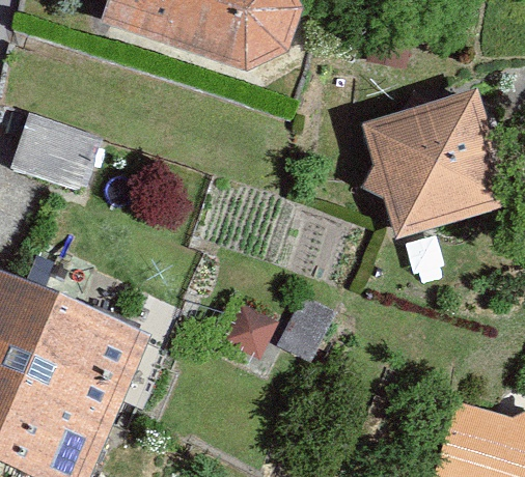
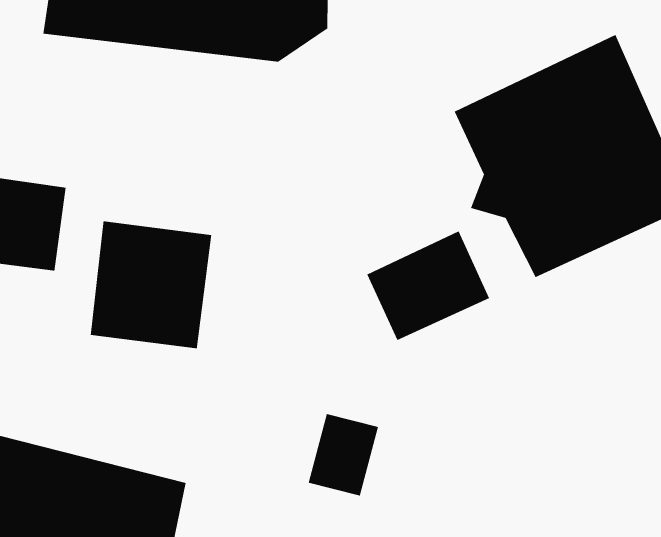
building: none -> [90,220,212,349]
building: none -> [366,230,490,341]

